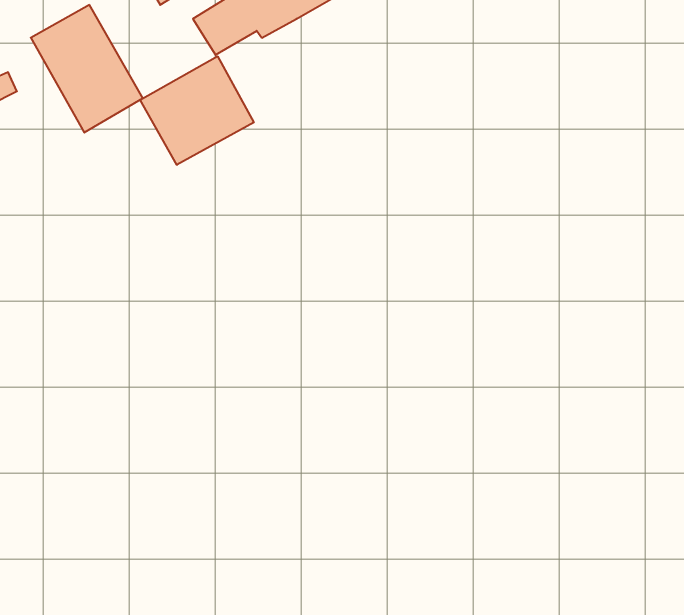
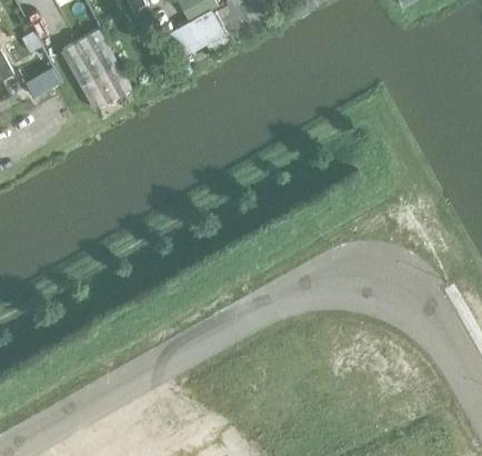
building: [140,56,254,165] -> none

